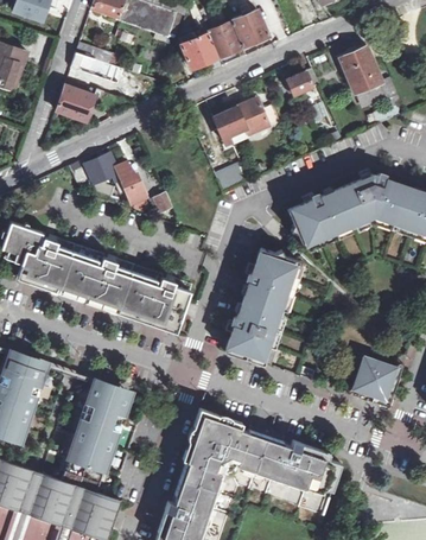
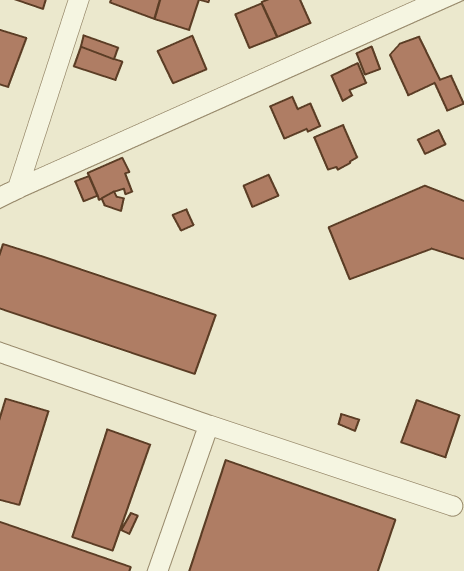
building: [178,27,220,68] -> [158,36,206,83]
building: [56,88,94,123] -> none
building: [212,106,249,144] -> [314,125,357,170]
building: [114,158,151,209] -> none
building: [224,248,301,368] -> none

